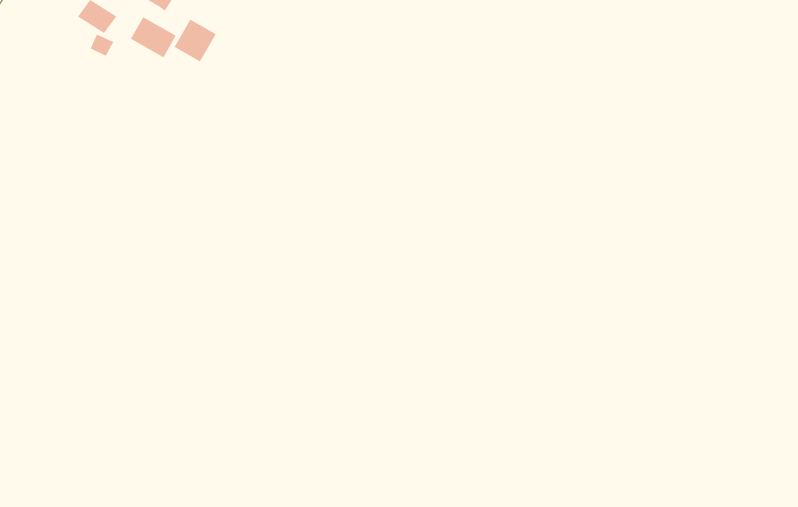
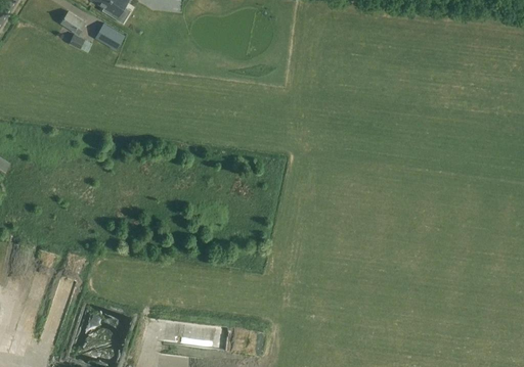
building: [174,19,216,62] -> none

